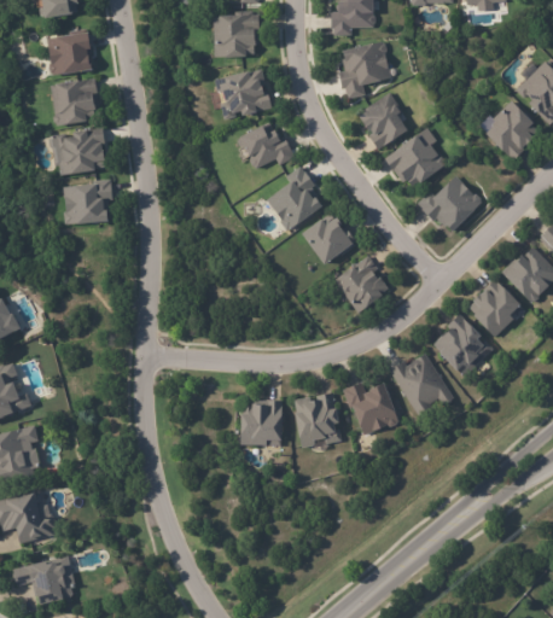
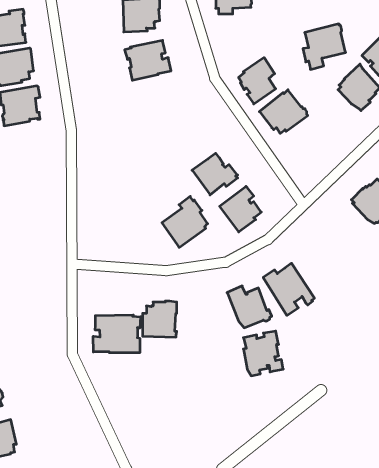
building: [338,41,392,99] -> [303,24,346,69]
building: [235,122,295,169] -> none
building: [263,167,321,232] -> [162,196,208,247]
building: [419,175,485,232] -> none
building: [62,180,113,226] -> none
building: [468,278,519,337] -> none
building: [435,313,495,377] -> none
building: [292,392,343,449] -> [243,331,283,376]
building: none -> [93,315,141,353]

